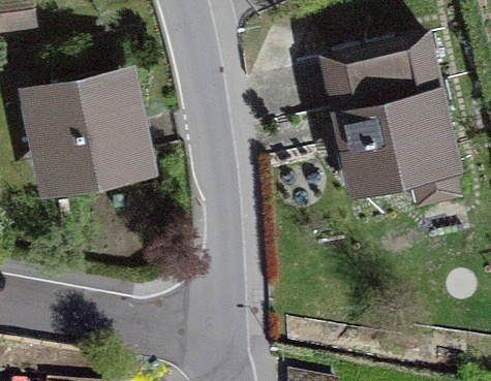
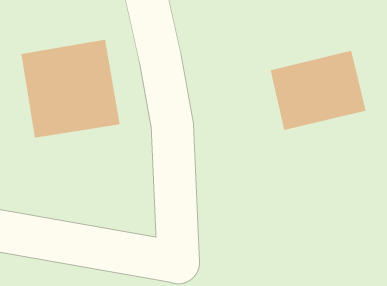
building: [323,41,432,113] -> none

